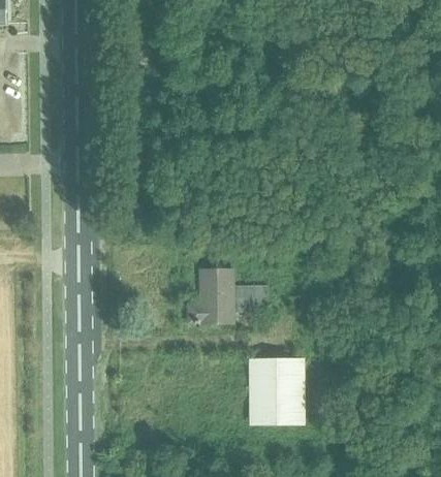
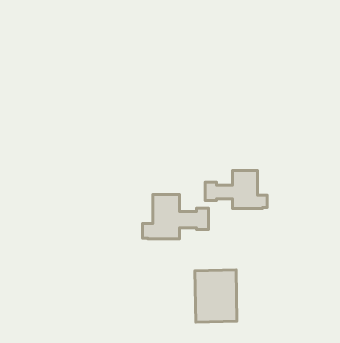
building: none -> [205,171,267,208]

